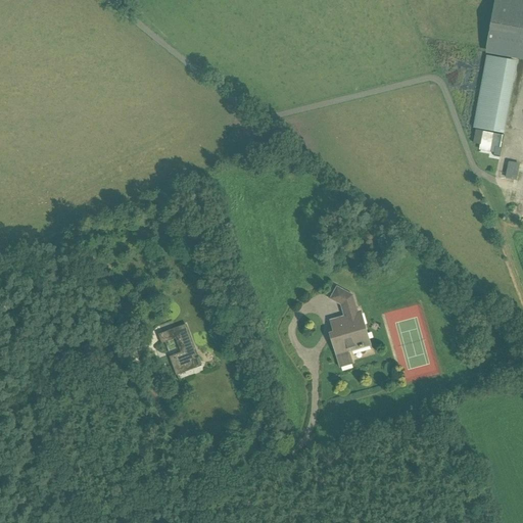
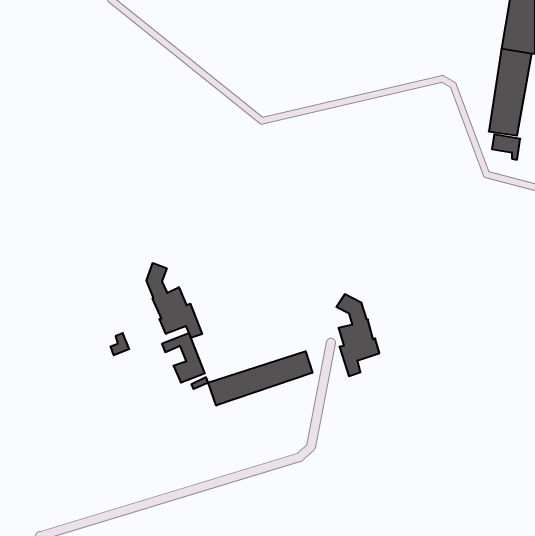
building: none -> [146,263,202,338]
building: none -> [208,351,312,406]

